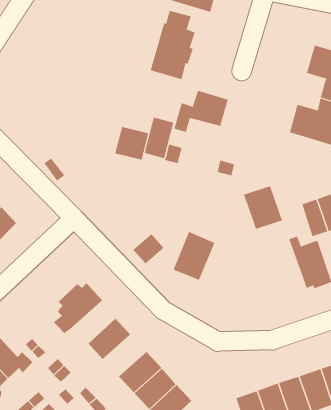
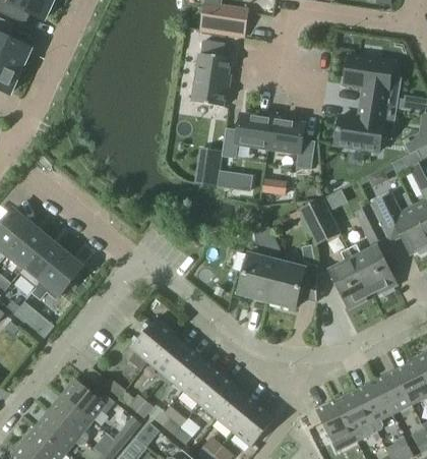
building: none -> [267,120,314,169]
building: [115,126,149,161] -> none
building: none -> [329,248,371,308]
building: none -> [266,262,317,307]
building: none -> [148,334,189,376]
building: none -> [182,361,224,404]

